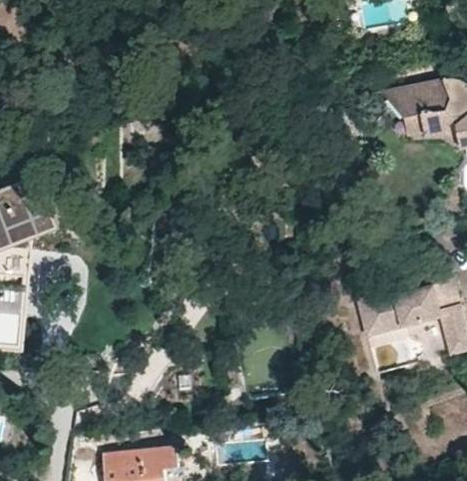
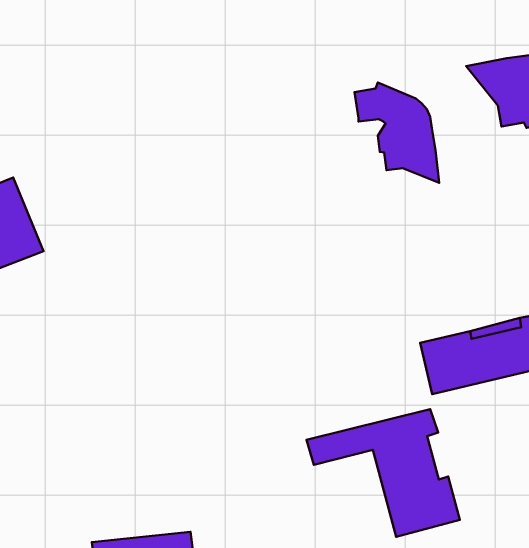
building: none -> [355,82,439,183]
building: none -> [307,409,460,537]

